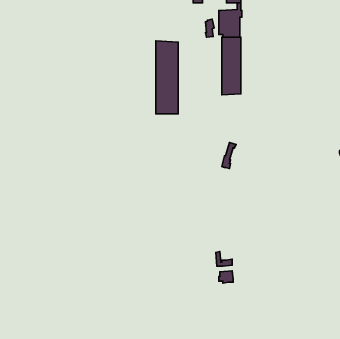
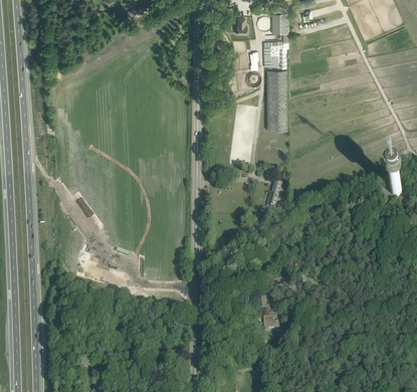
building: [156,41,178,114] -> none

